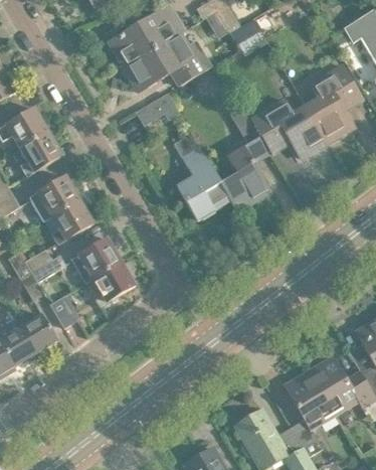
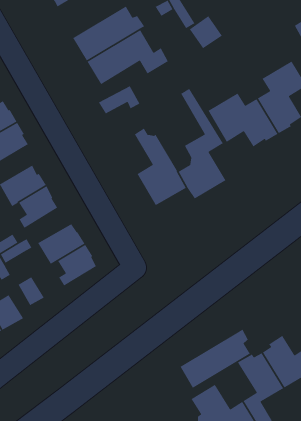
building: none -> [179,329,251,389]

